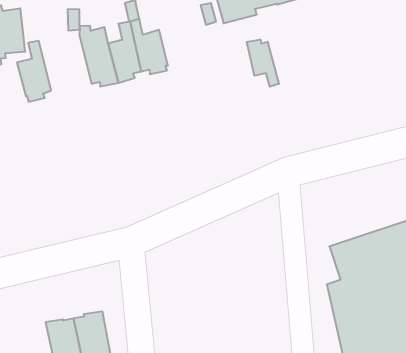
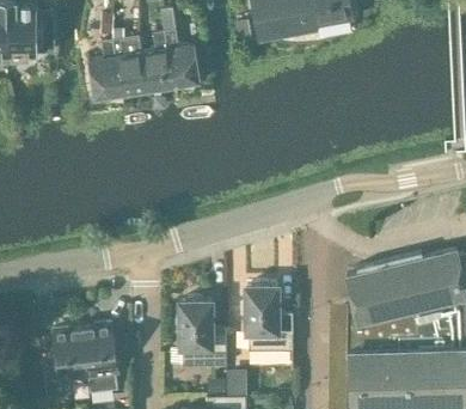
building: [247,39,279,87] -> none
building: [17,41,51,102] -> [88,42,121,103]
building: none -> [243,285,293,353]
building: none -> [177,300,227,368]

